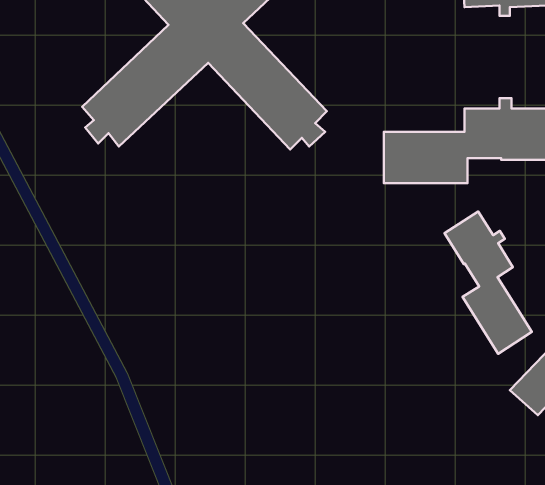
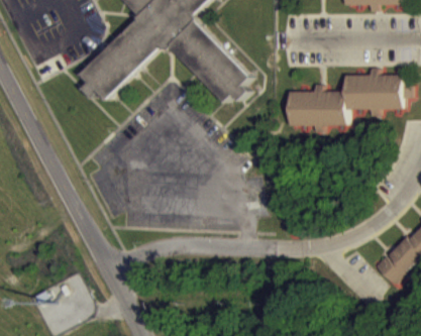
building: [444,211,532,354] -> none

